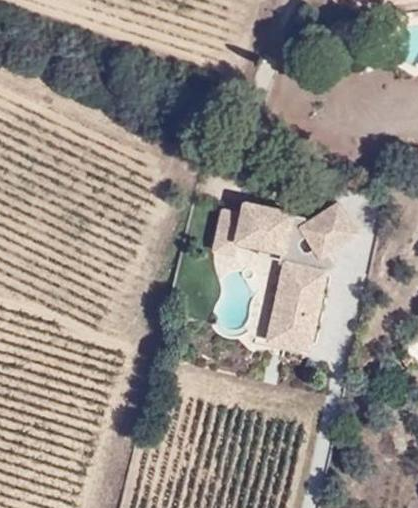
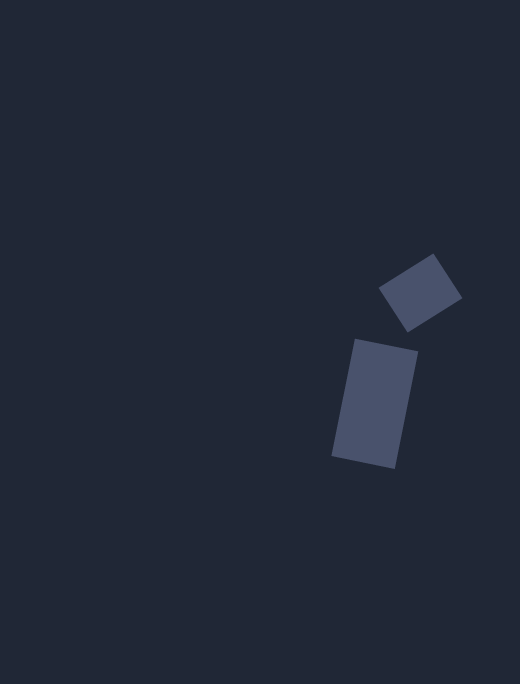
building: [210,202,293,256] -> none

